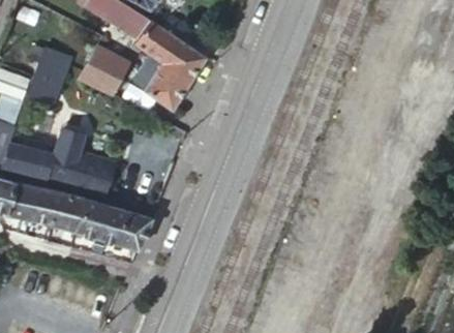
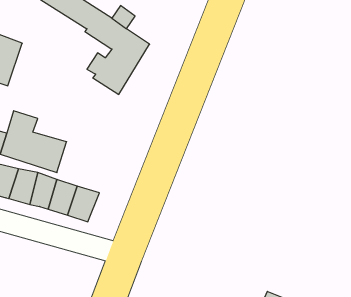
building: [79,46,129,98] -> none

